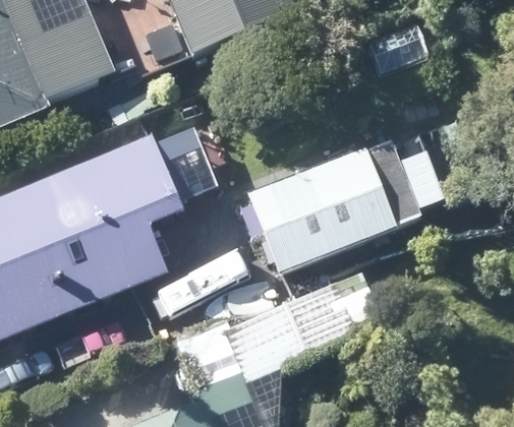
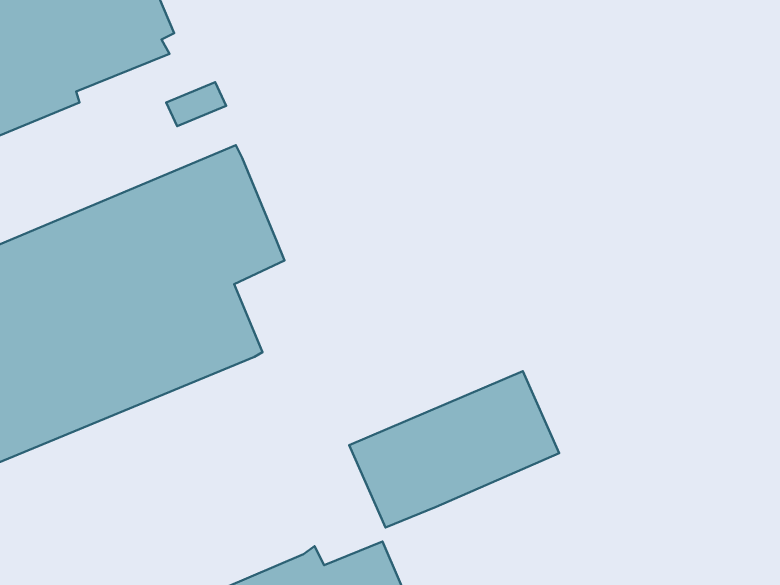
building: [248,135,421,273] -> none

